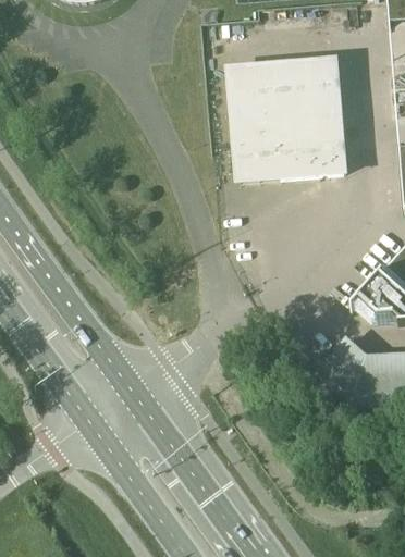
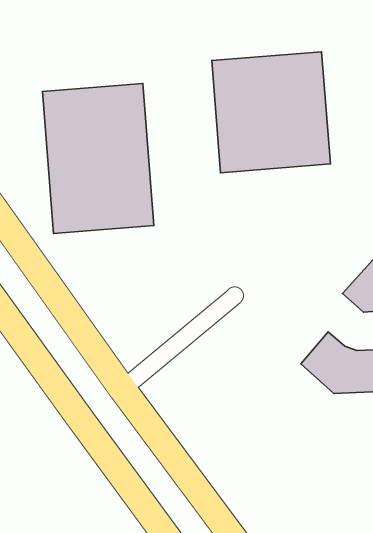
building: none -> [42,84,154,233]

